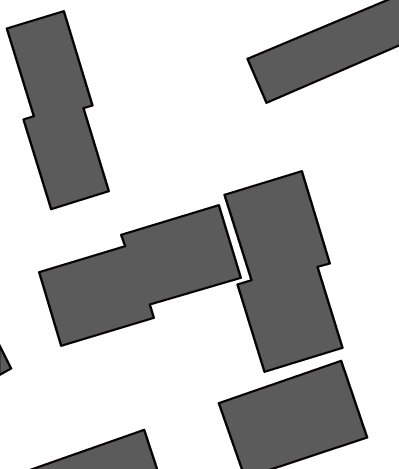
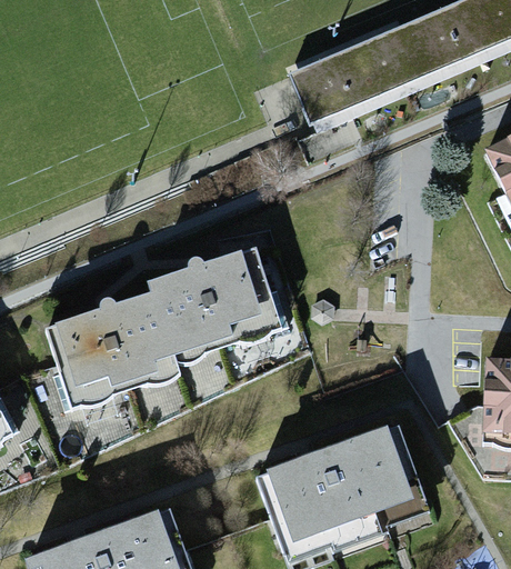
building: [7,11,109,209] -> none
building: [225,171,342,372] -> none

